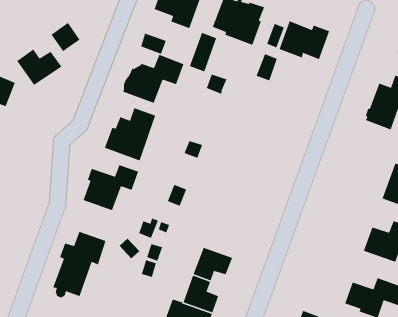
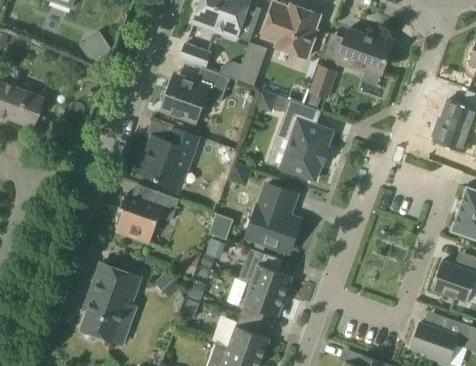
building: [16,48,62,86] -> none
building: none -> [279,100,332,180]
building: none -> [252,184,300,253]
building: none -> [238,248,292,296]

